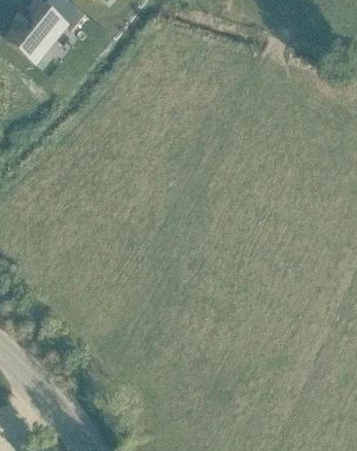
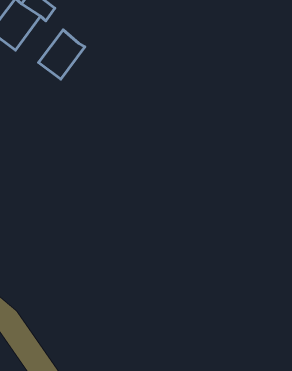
building: none -> [39,30,85,79]

